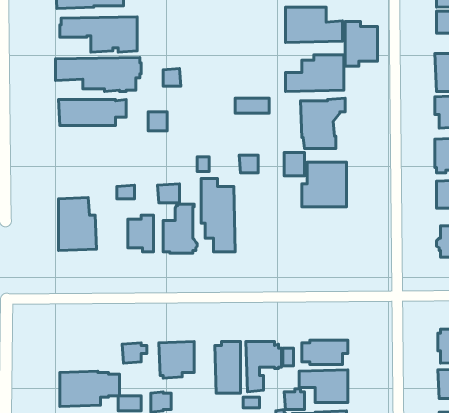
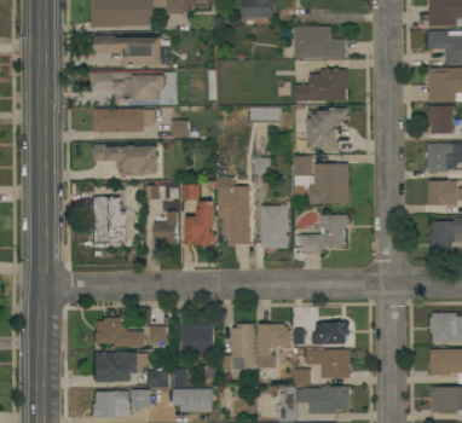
building: [345,22,377,66] -> none
building: none -> [93,144,161,176]
building: none -> [262,201,290,249]
building: none -> [301,215,350,254]
building: none -> [94,317,145,347]

